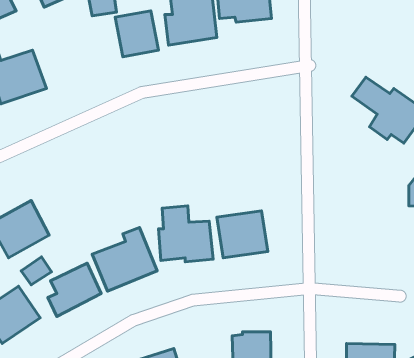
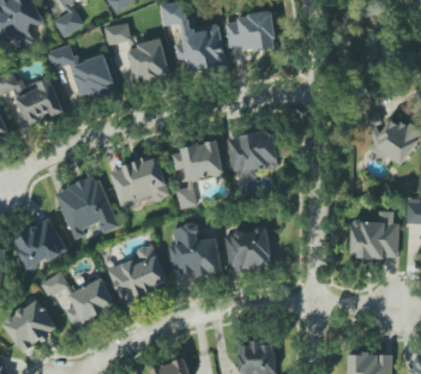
building: none -> [47,43,116,101]
building: none -> [228,131,277,180]
building: none -> [170,140,224,209]
building: none -> [109,155,169,206]
building: none -> [54,175,118,239]
building: none -> [350,211,398,258]

